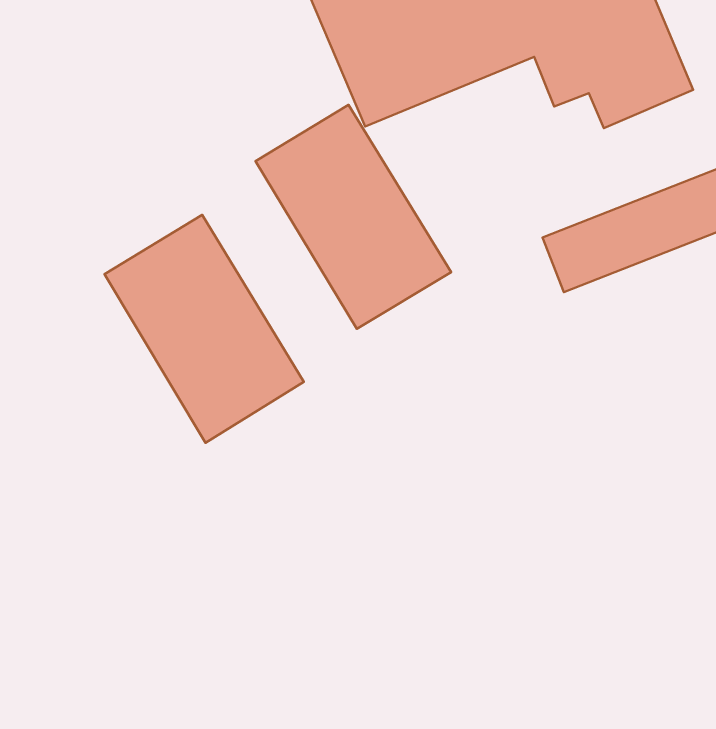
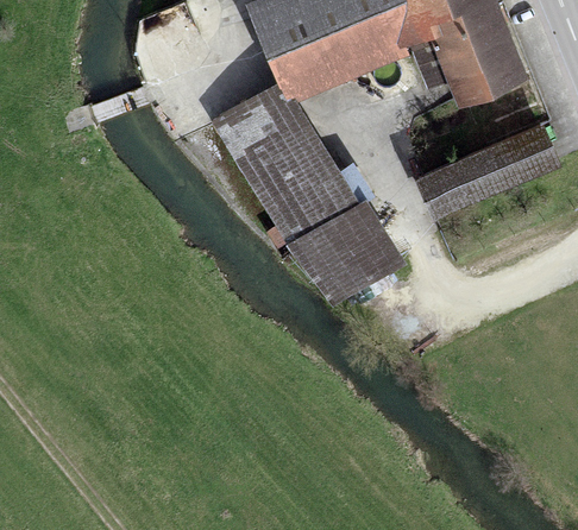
building: [104,215,304,443] -> none
building: none -> [284,195,403,301]

